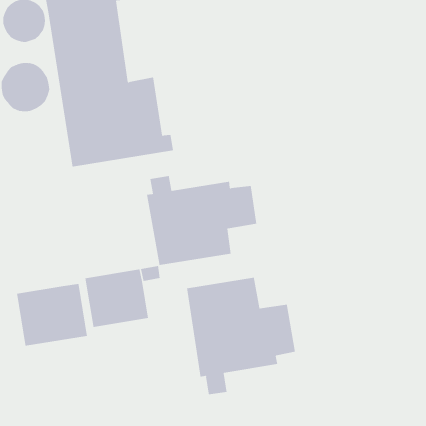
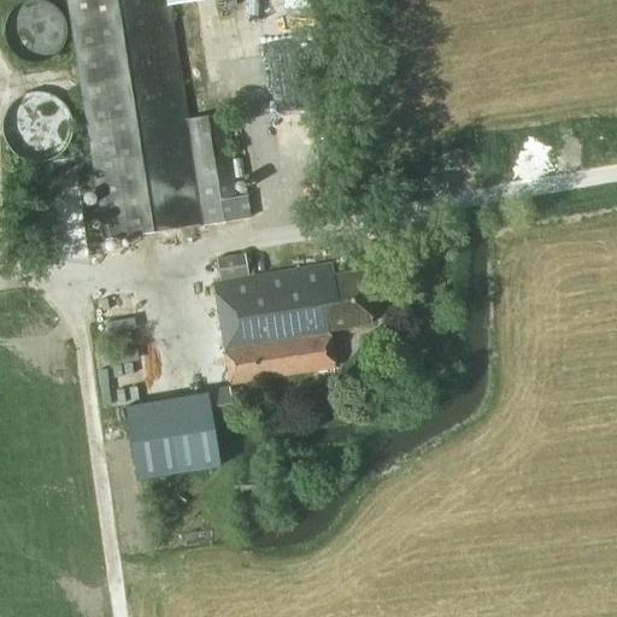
building: [187,277,295,395] -> none
building: [16,283,88,346] -> none

